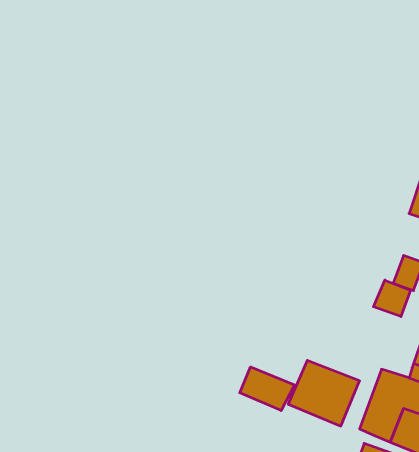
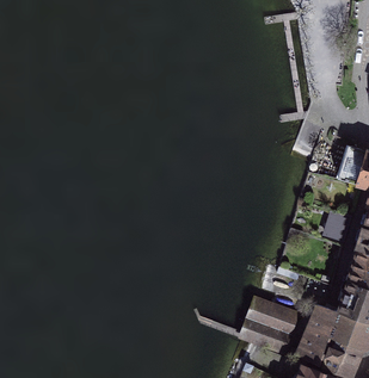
building: [373,280,411,317] -> none
building: [240,367,294,411] -> none

